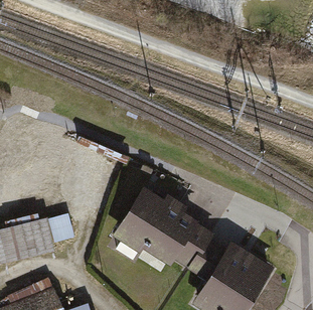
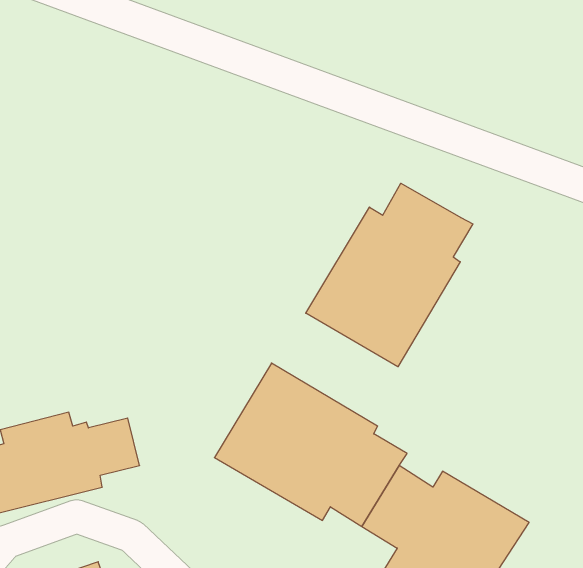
building: none -> [306,183,473,367]

